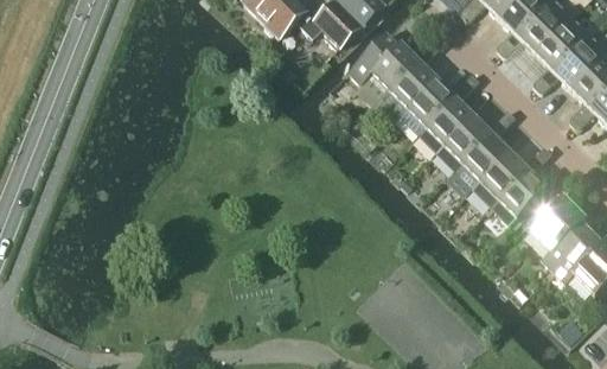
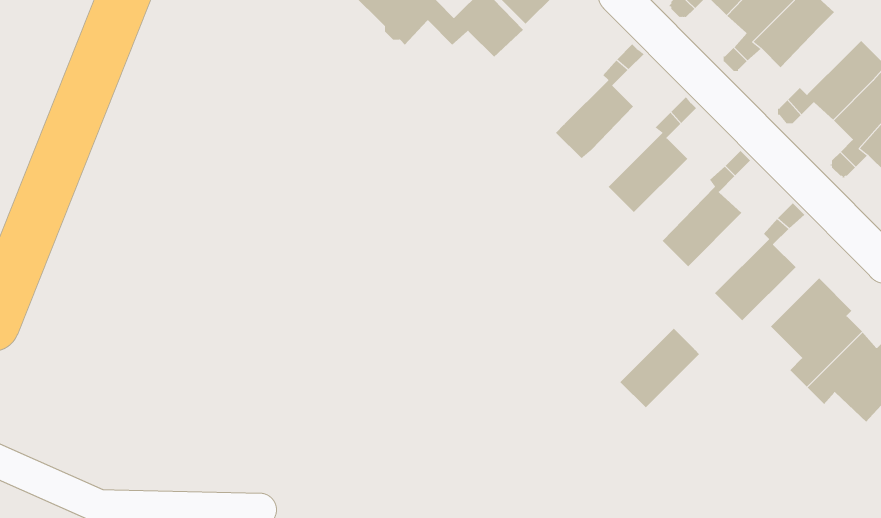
building: [536,15,590,71] -> none
building: [347,34,418,106] -> none
building: [401,79,455,134] -> none
building: [436,115,491,171] -> none
building: [473,152,528,206] -> [620,328,700,408]

